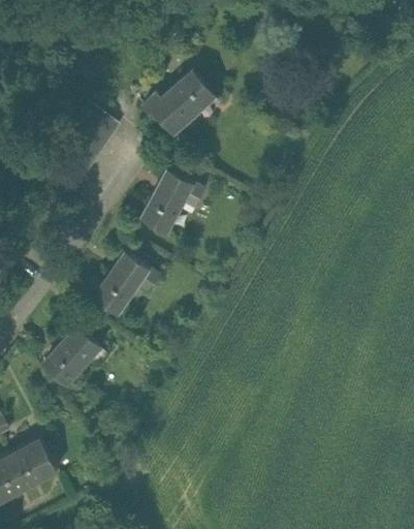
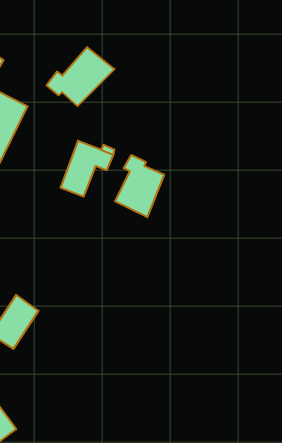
building: none -> [115,155,164,217]
building: [94,254,158,314] -> none

